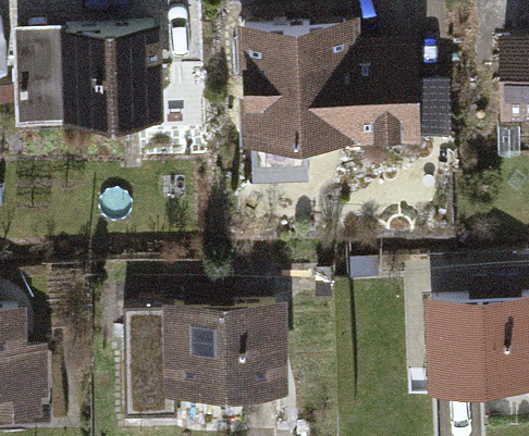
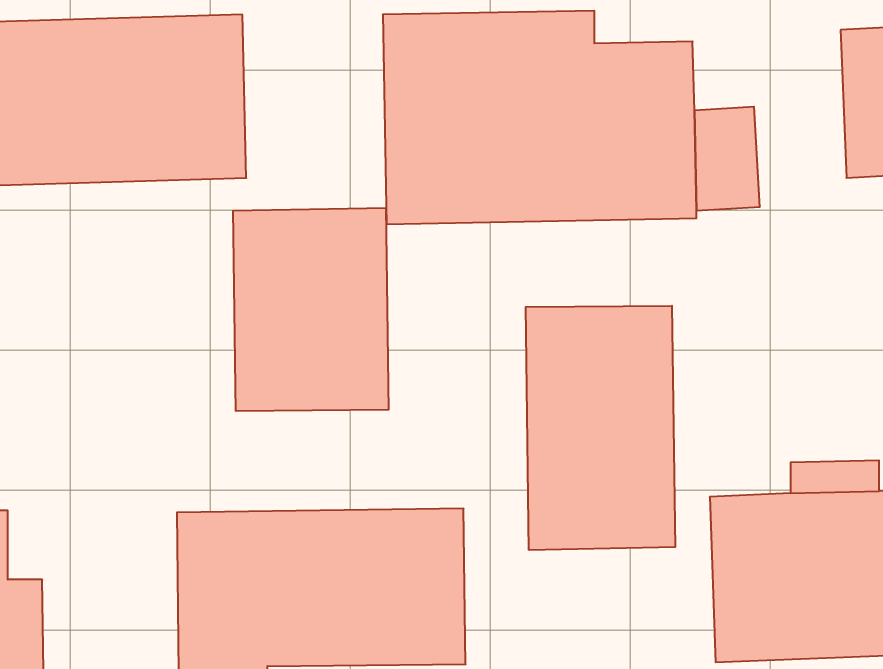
building: none -> [233,208,389,411]
building: none -> [526,306,675,550]

